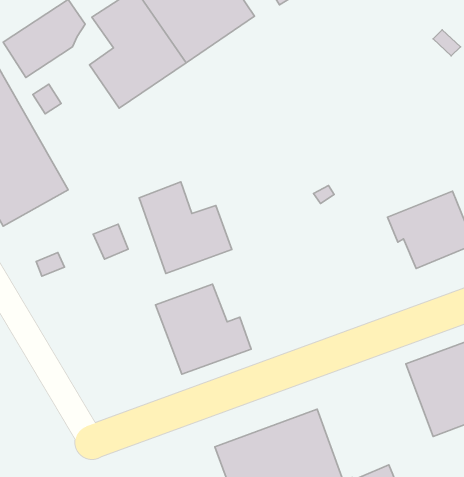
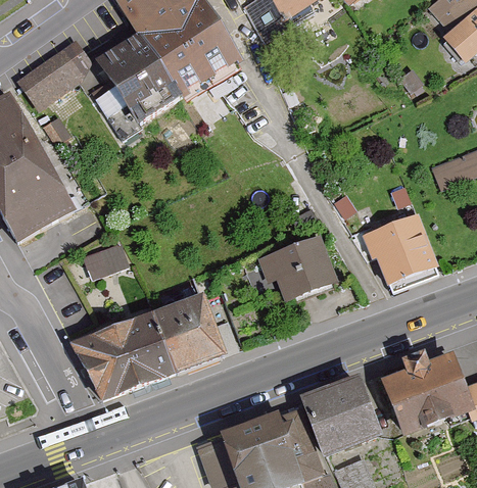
building: [139,182,232,273] -> none
building: none -> [258,237,337,301]
building: none -> [74,314,177,405]
building: none -> [302,383,380,462]

